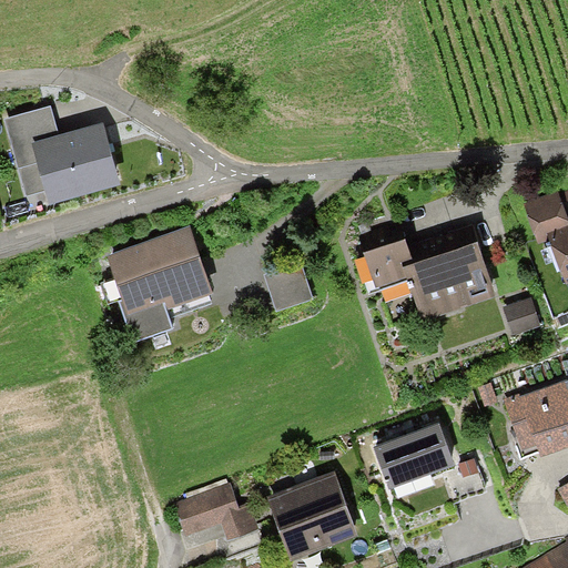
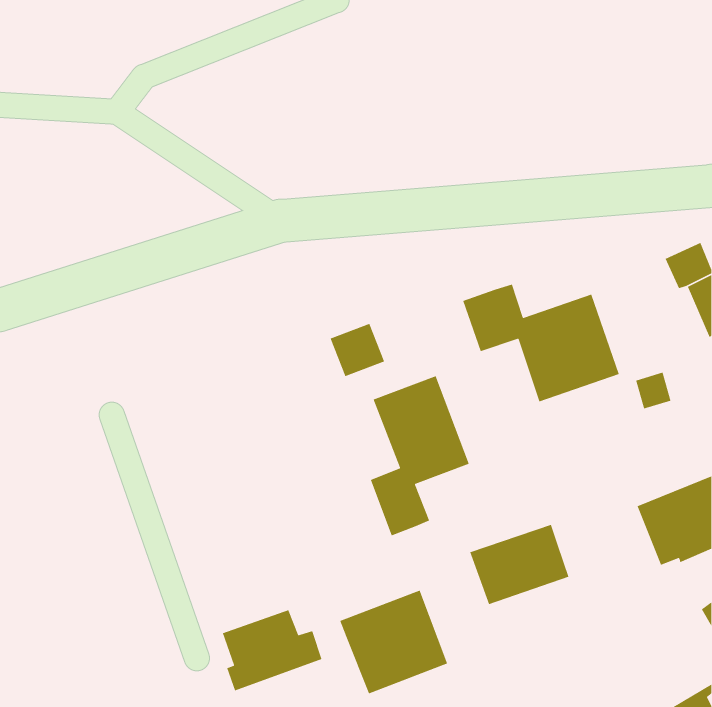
building: [8,113,115,202] -> none
building: [109,229,210,337] -> none
building: none -> [370,375,470,536]

